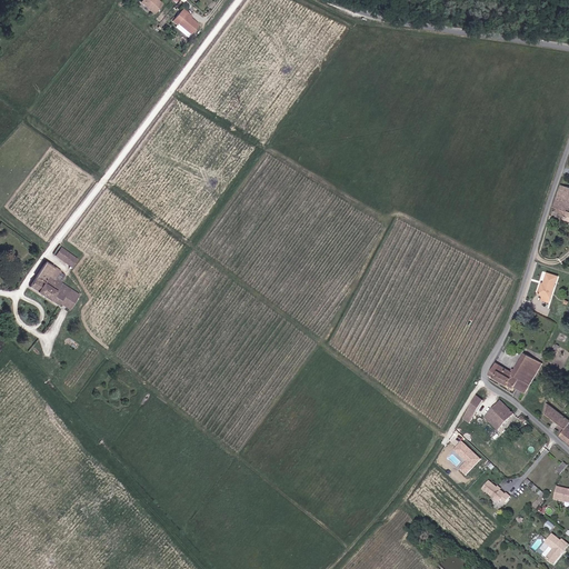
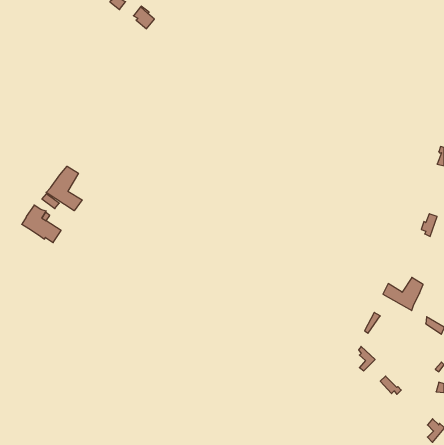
building: none -> [46,166,82,211]
building: [482,400,513,430] -> none

